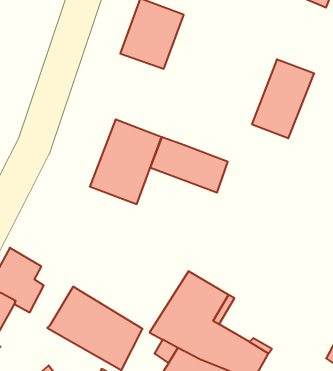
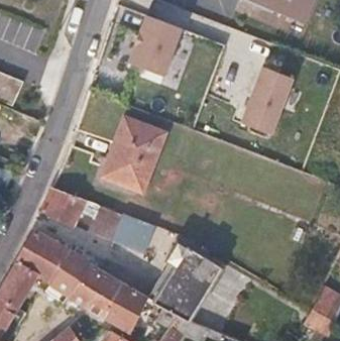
building: [150,137,228,192] -> [92,206,158,253]
building: none -> [41,188,88,228]
building: none -> [50,244,88,295]

